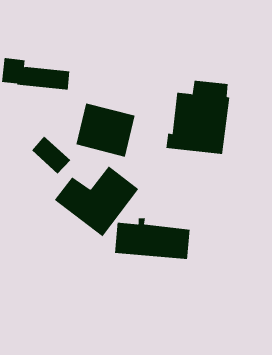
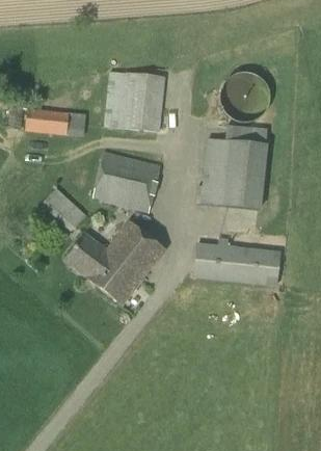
building: none -> [104,70,165,131]
building: none -> [219,71,270,122]
building: [114,218,190,260] -> [191,237,278,285]

